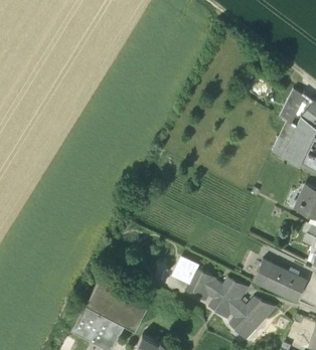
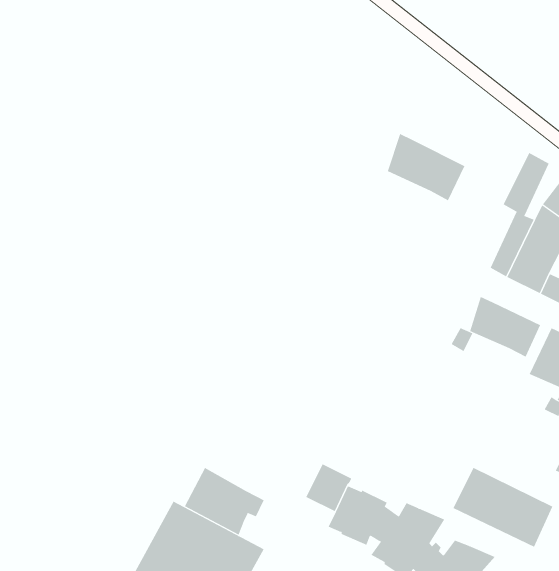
building: none -> [387,133,465,201]
building: none -> [469,296,541,357]
building: none -> [184,467,265,536]

